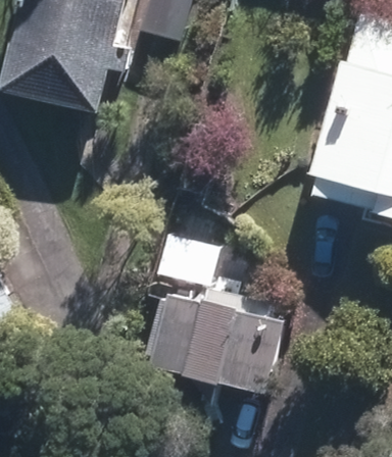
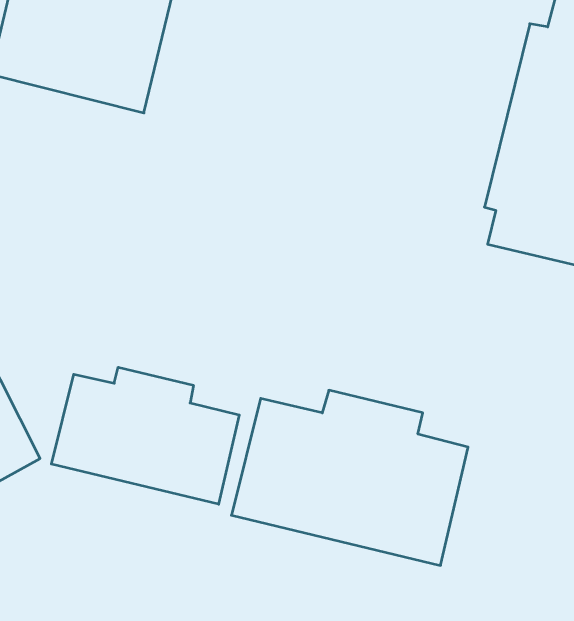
building: none -> [51,367,239,504]

